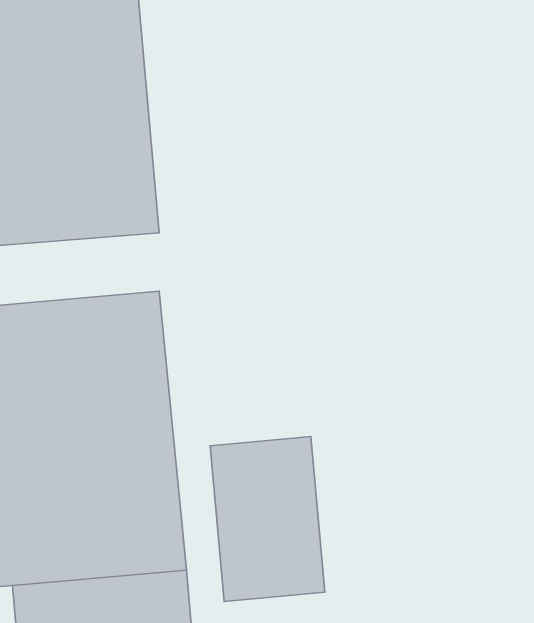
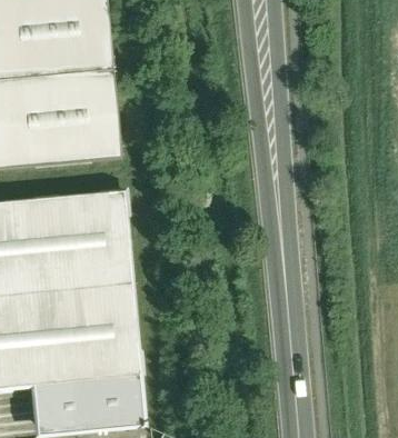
building: [210,437,325,602] -> none

